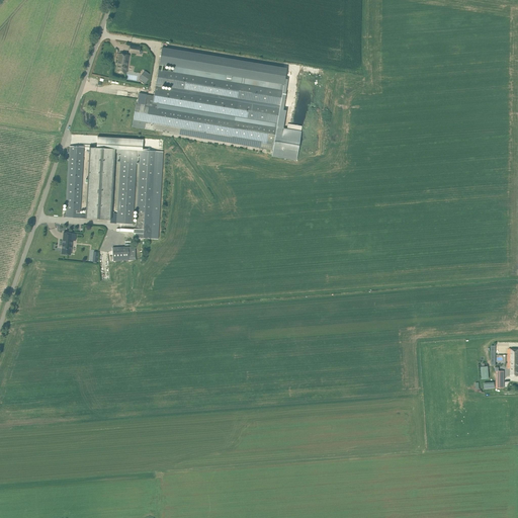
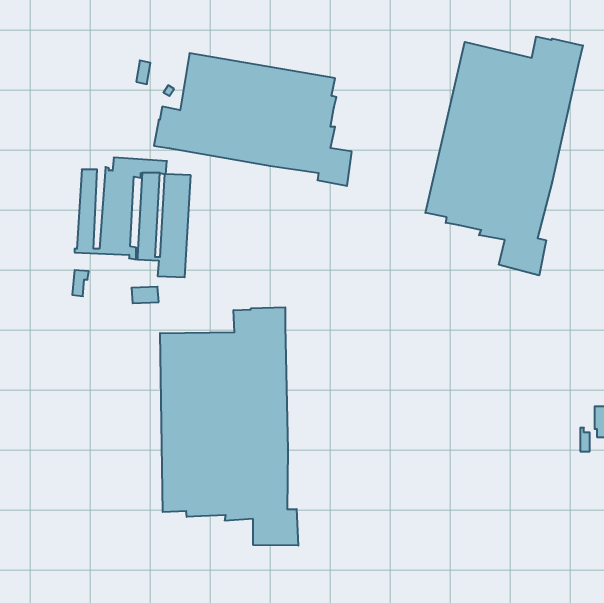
building: none -> [425,37,583,275]
building: none -> [160,307,298,546]

